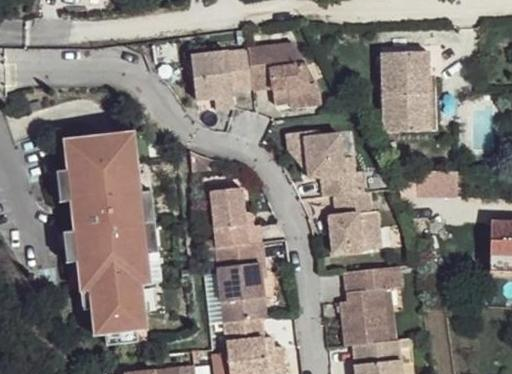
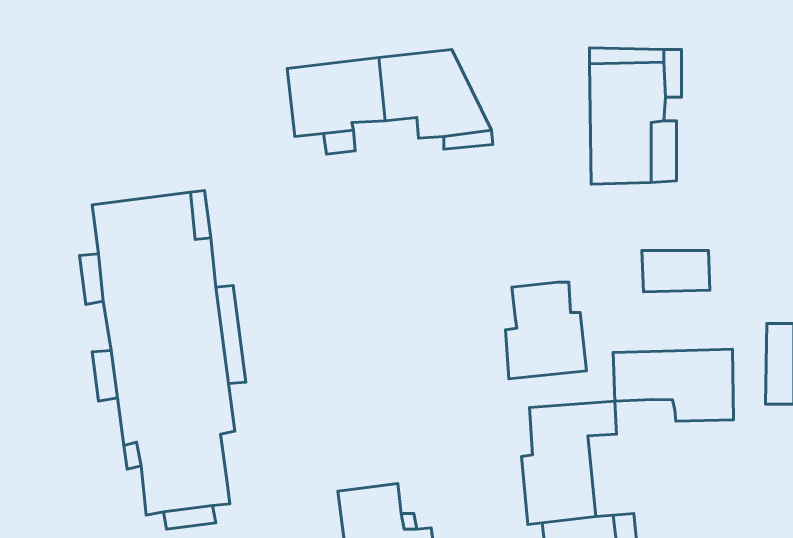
building: [286,130,361,195] -> none
building: [208,187,258,247] -> none
building: none -> [613,349,733,421]
building: [217,264,265,321] -> none

